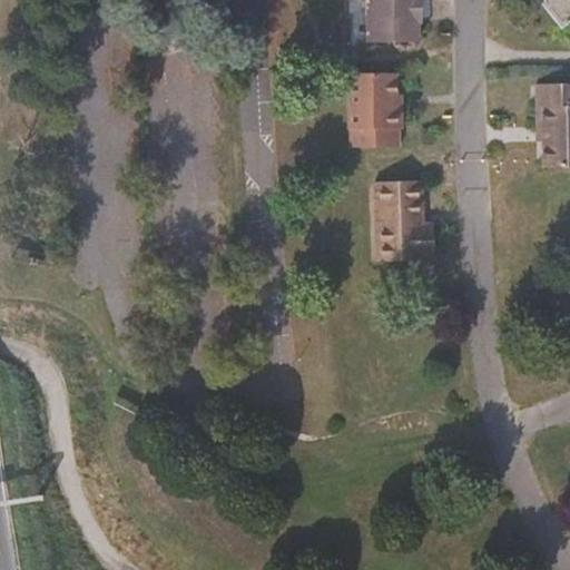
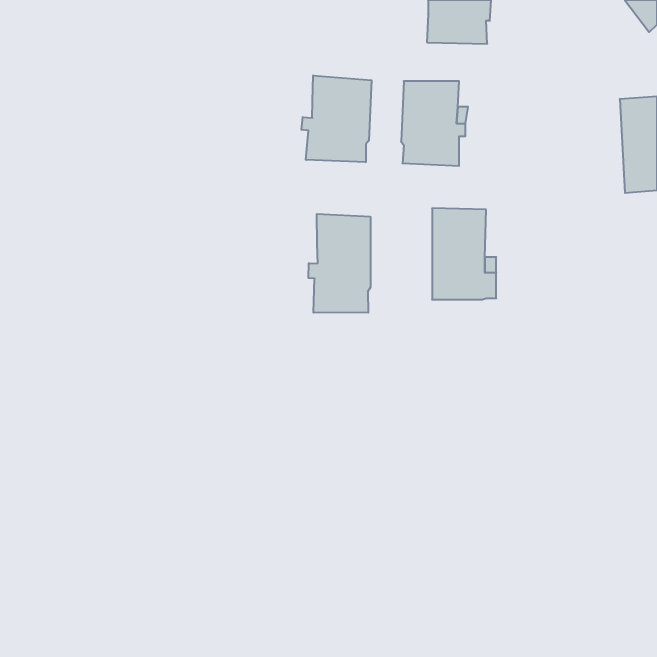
building: none -> [302,75,372,162]
building: none -> [308,214,370,313]

